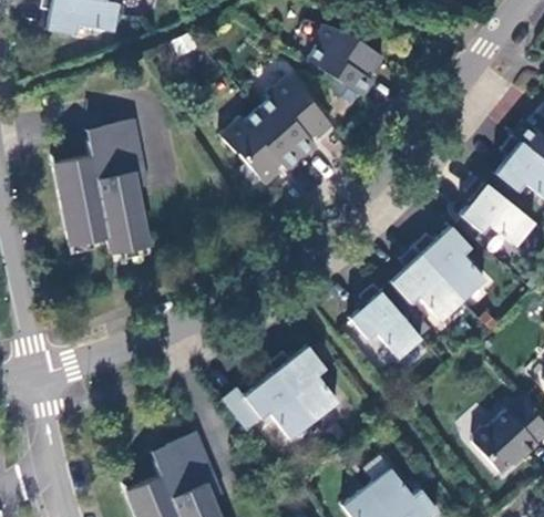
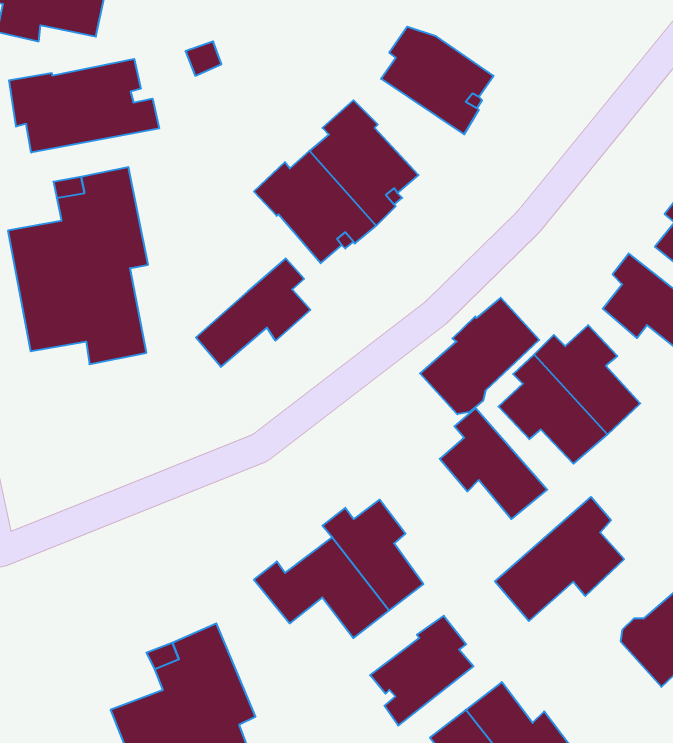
building: none -> [9,59,159,153]
building: none -> [196,258,310,367]
building: none -> [420,298,539,414]
building: none -> [495,497,624,621]
building: none -> [370,616,473,726]

